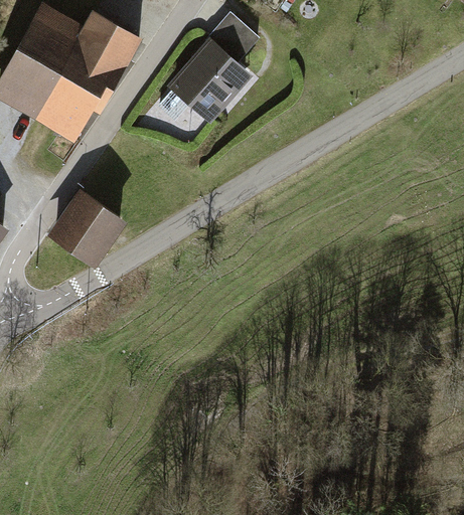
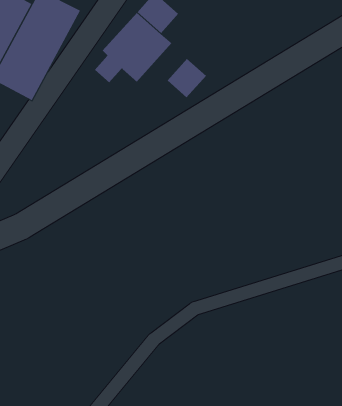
building: none -> [167,58,207,98]
building: [49,188,124,263] -> none

